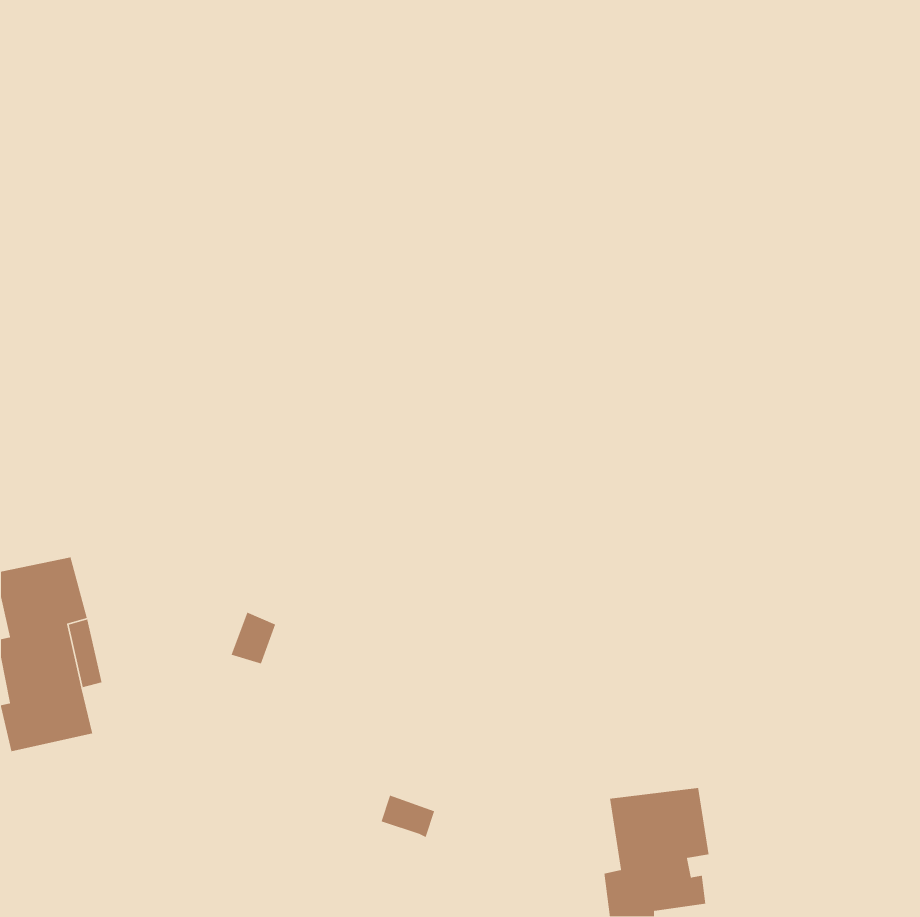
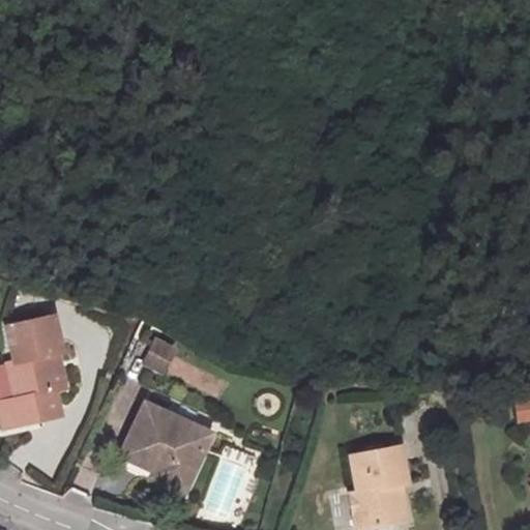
building: none -> [124,409,204,493]

